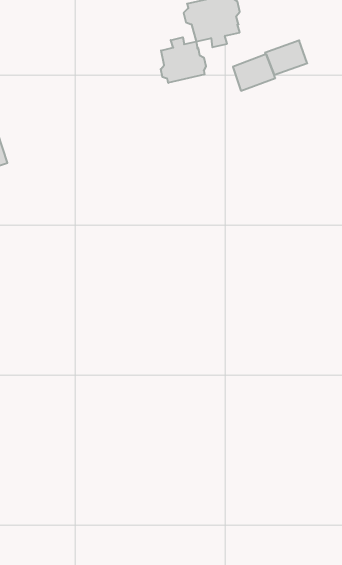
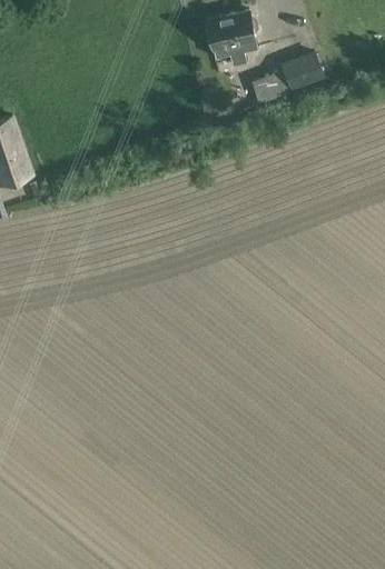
building: [161,37,206,83] -> none

